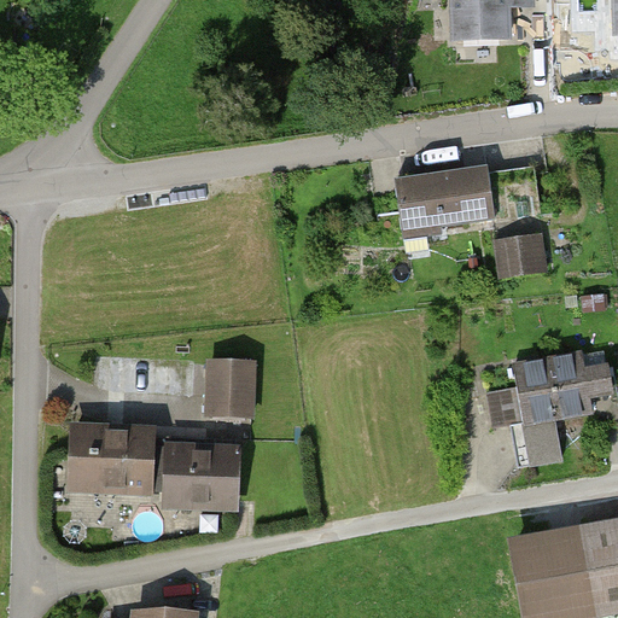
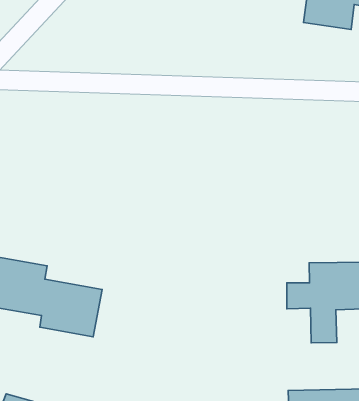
building: [395,165,492,241] -> none
building: [492,233,548,280] -> none
building: [204,360,258,420] -> none

